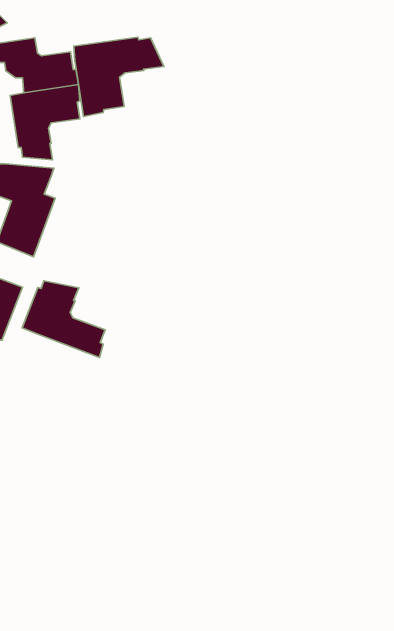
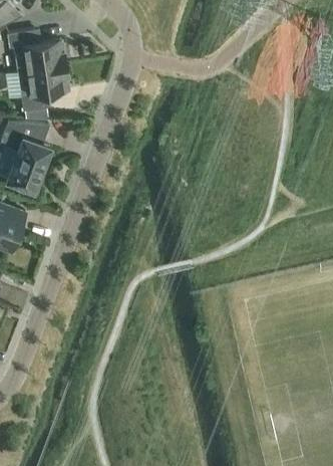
building: [74,37,164,117] -> none
building: [22,281,105,357] -> none

